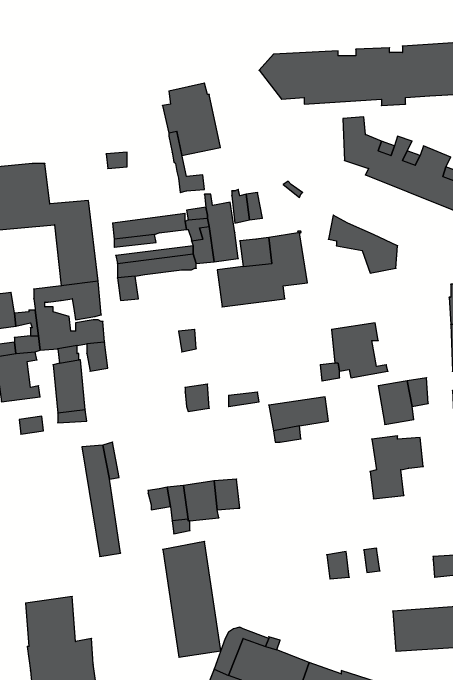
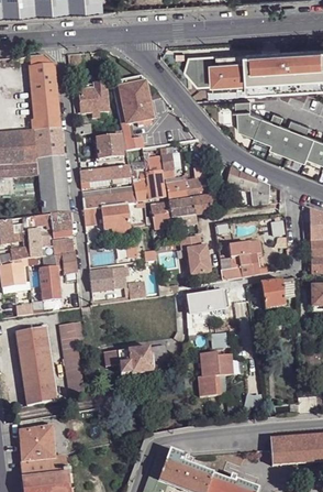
building: none -> [30,54,63,157]
building: none -> [77,81,108,116]
building: none -> [97,130,123,160]
building: none -> [101,203,130,229]
building: none -> [180,234,210,274]
building: none -> [89,266,125,291]
building: [370,436,423,499] -> [198,352,234,395]
building: [163,541,221,657] -> [15,326,55,405]

